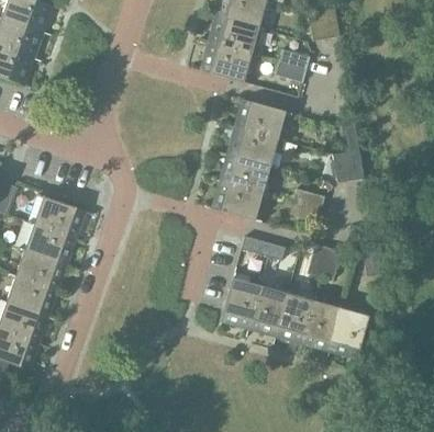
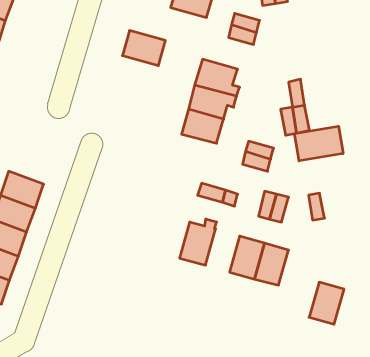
building: [203,42,251,80] -> [122,31,165,66]
building: none -> [294,126,343,161]
building: [215,181,261,218] -> none
building: [33,195,81,236] -> none
building: [249,285,287,332] -> none
building: [330,308,368,354] -> [309,282,344,324]

